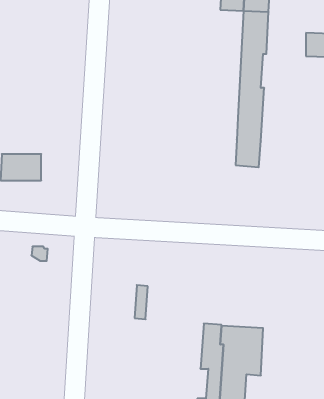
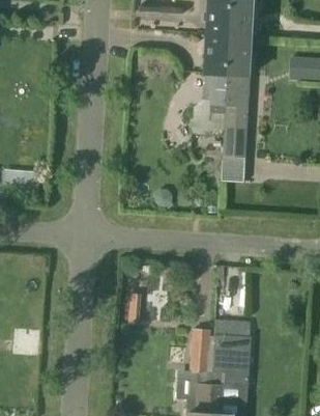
building: none -> [193,33,231,135]

